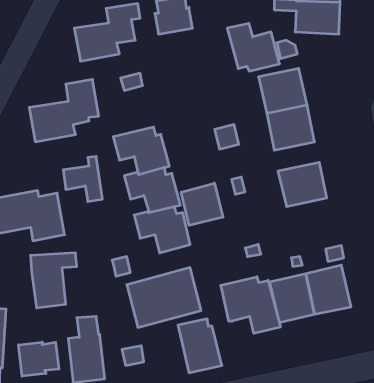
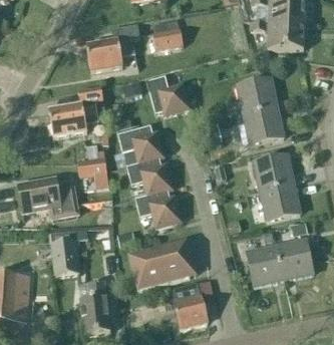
building: [227,23,280,71] -> [146,76,190,115]
building: [181,183,223,225] -> none
building: none -> [260,184,300,221]
building: [221,277,280,333] -> none
building: [19,342,59,376] -> none

